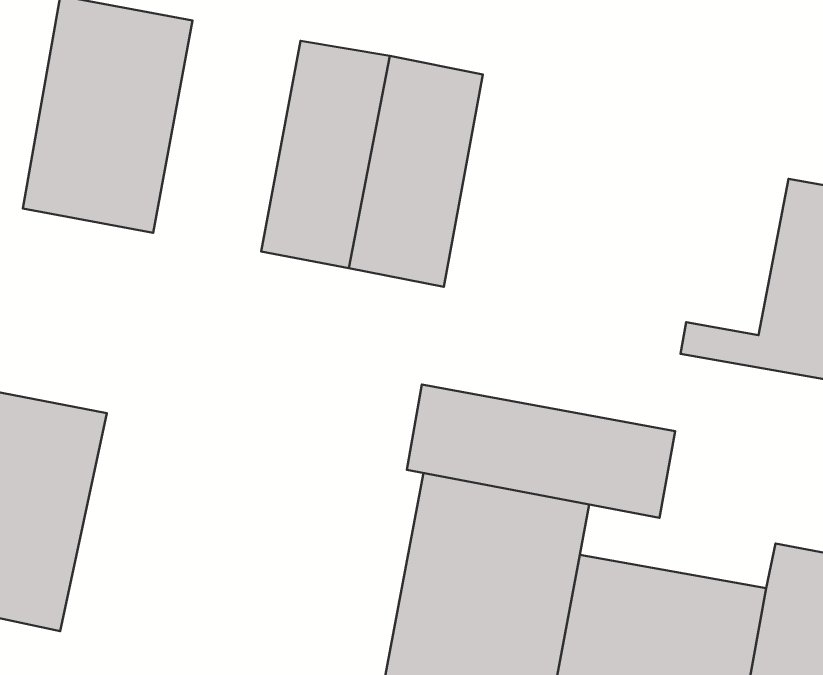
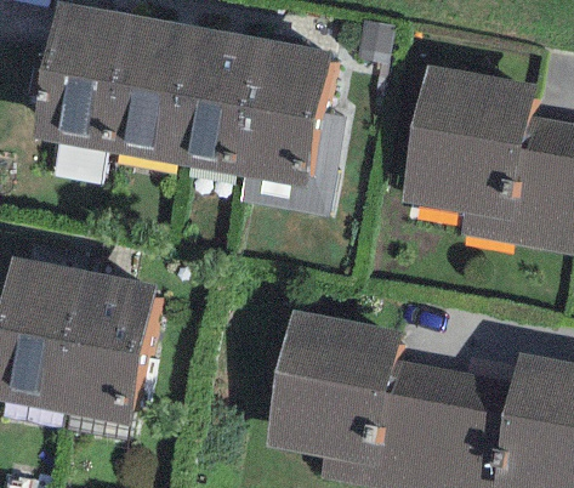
building: none -> [114,15,210,165]
building: none -> [400,64,534,220]
building: [407,385,675,518] -> none
building: none -> [53,271,157,429]

